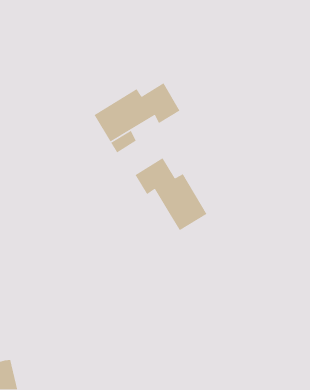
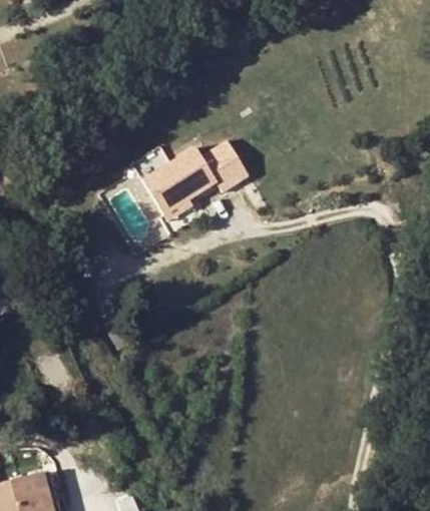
building: [135,157,207,231] -> none

